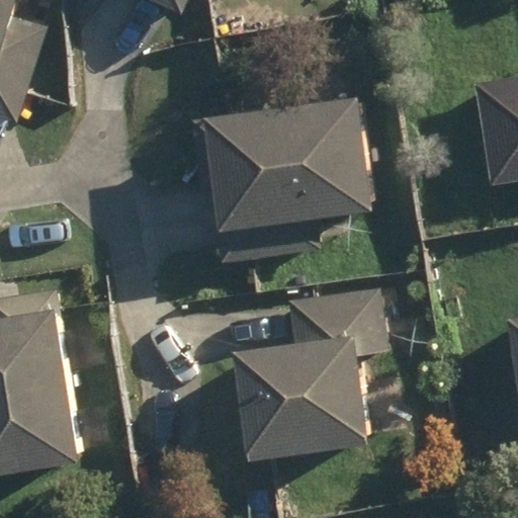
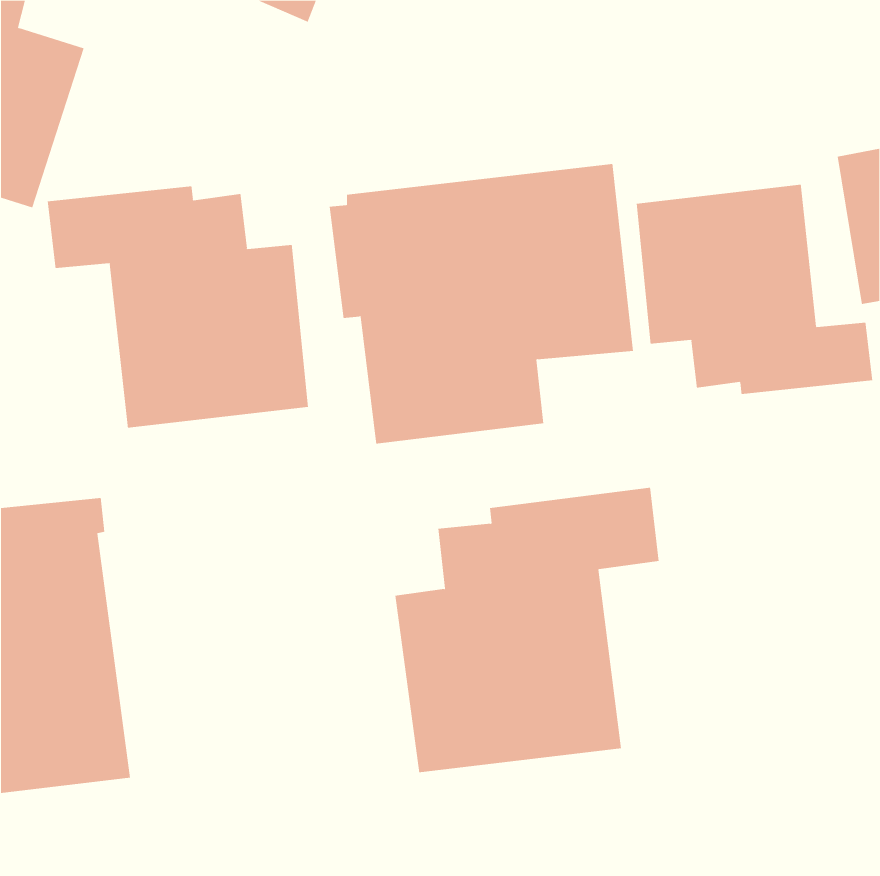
building: none -> [636,184,873,395]
building: none -> [47,185,308,429]

